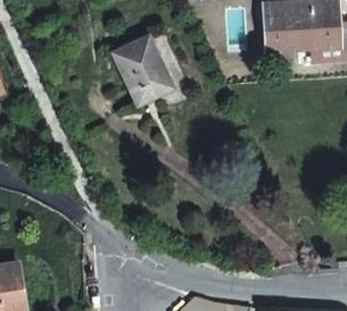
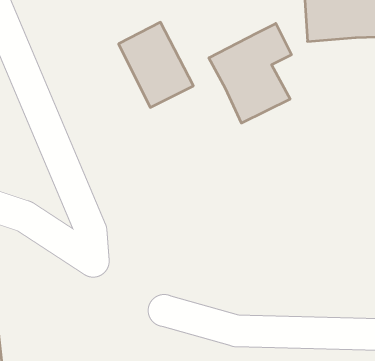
building: none -> [209,23,291,123]

